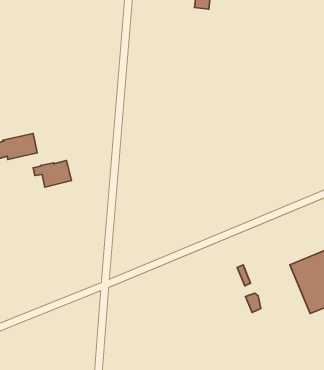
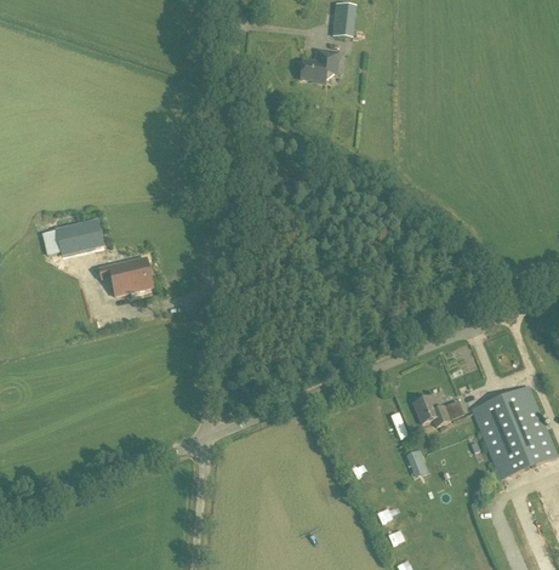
building: none -> [301,49,338,81]
building: none -> [413,394,451,426]

